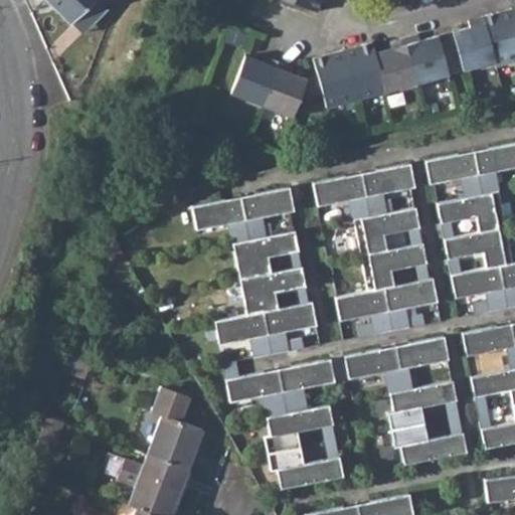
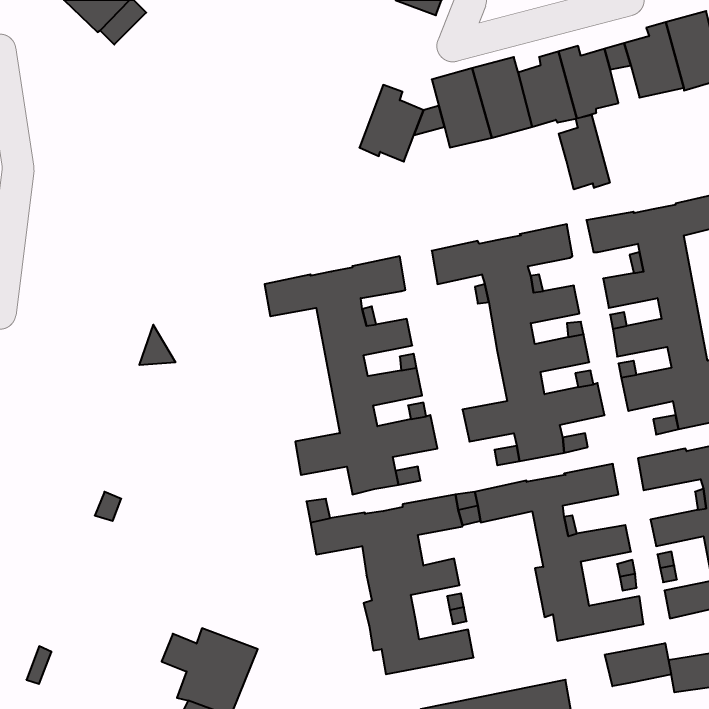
building: [231,57,279,109] -> none
building: none -> [559,115,610,189]
building: [148,387,204,471] -> none
building: none -> [605,643,671,686]

